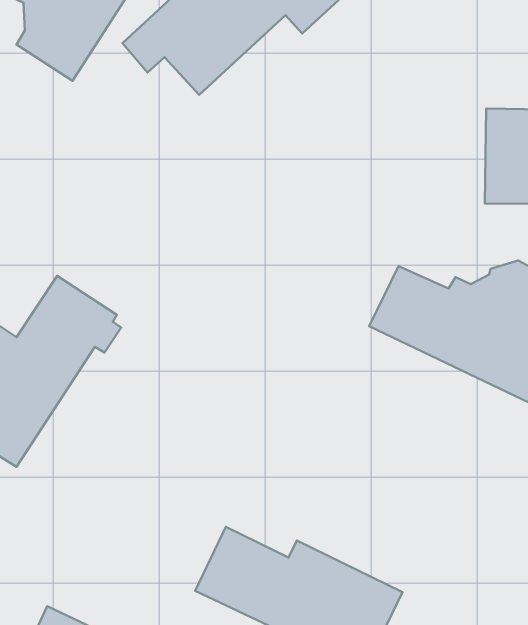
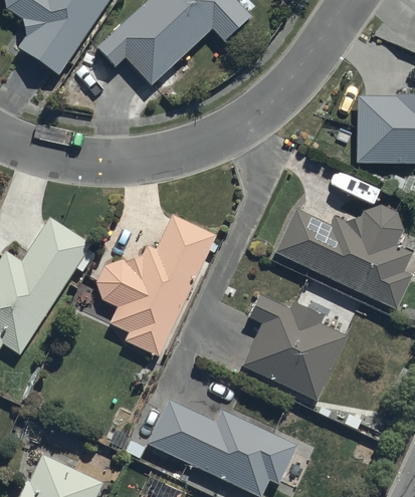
building: none -> [96,216,215,357]
building: none -> [238,292,349,403]

